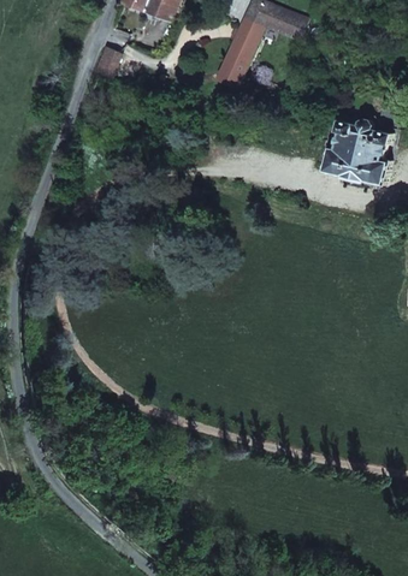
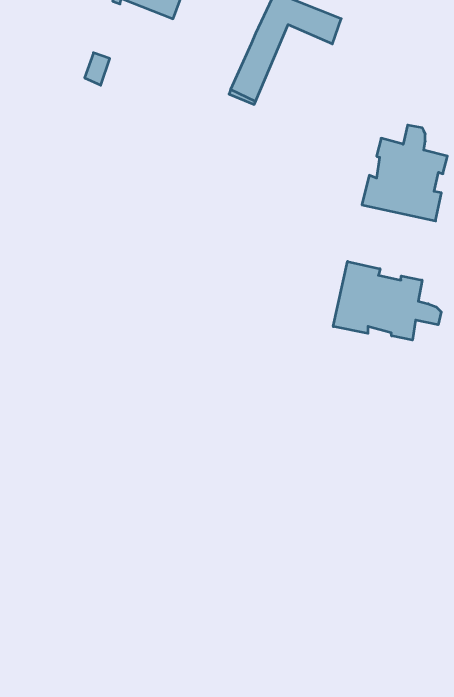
building: none -> [333,261,441,340]

